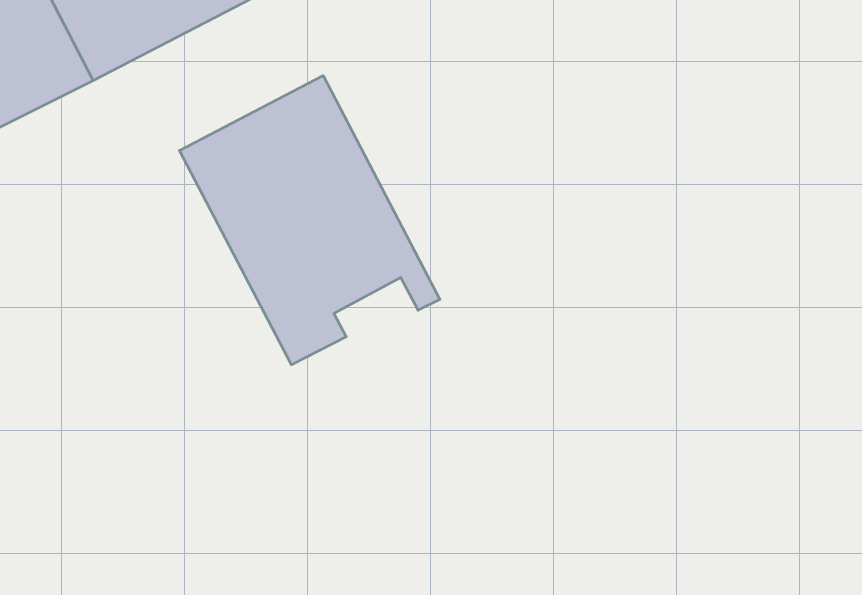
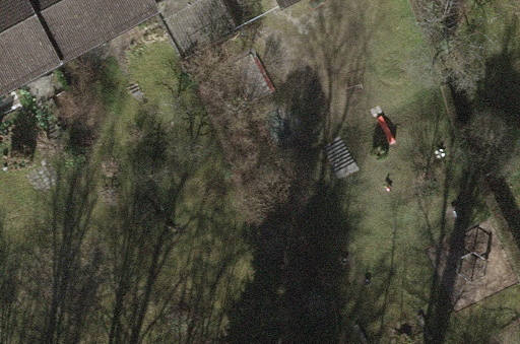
building: [179,76,440,365] -> none

